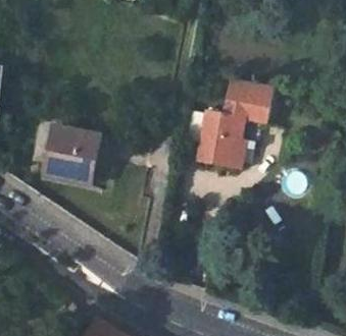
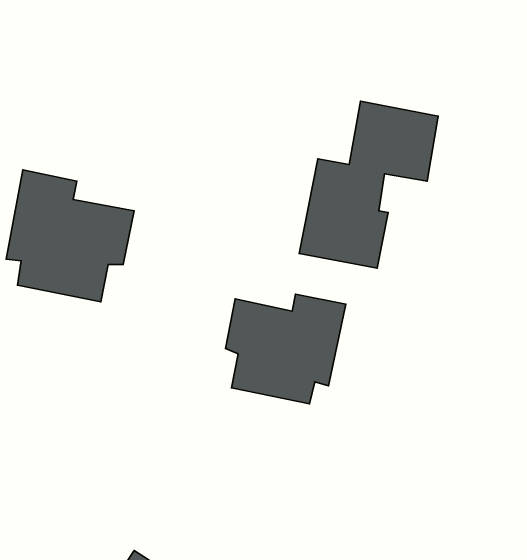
building: none -> [226,294,346,404]

